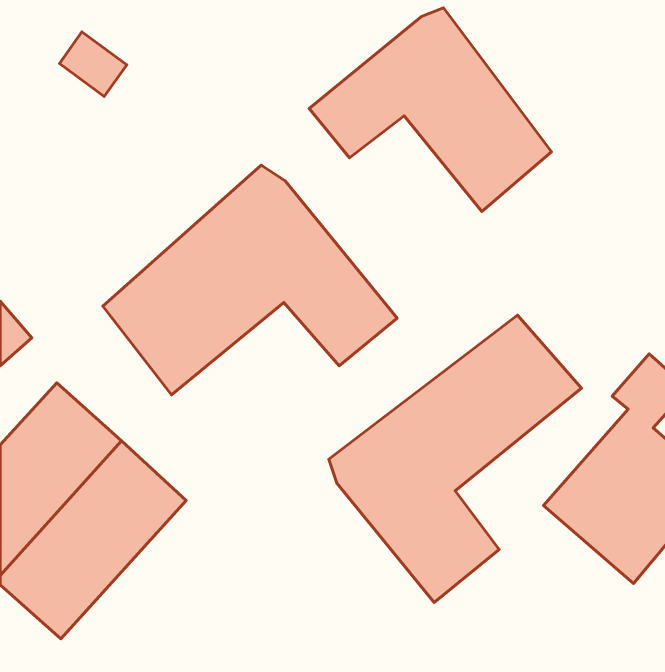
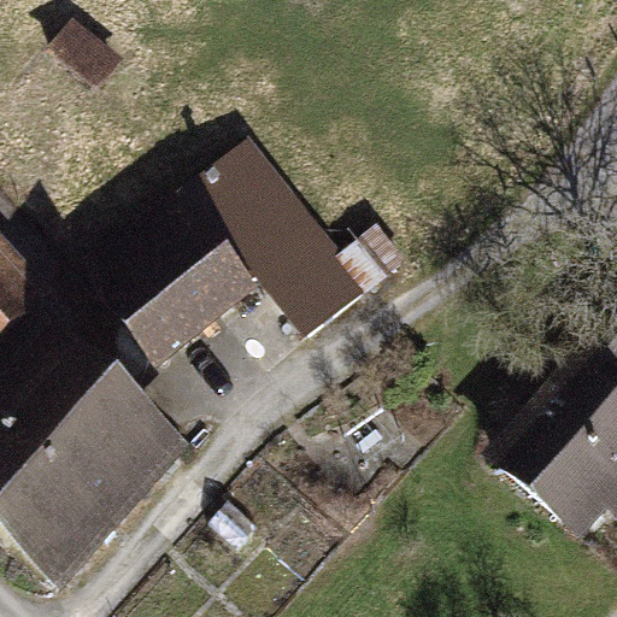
building: [309,8,551,212] -> none
building: [329,315,581,602] -> none

